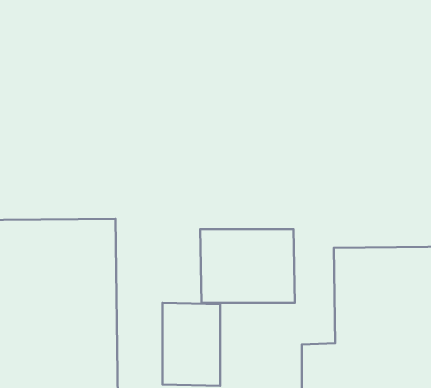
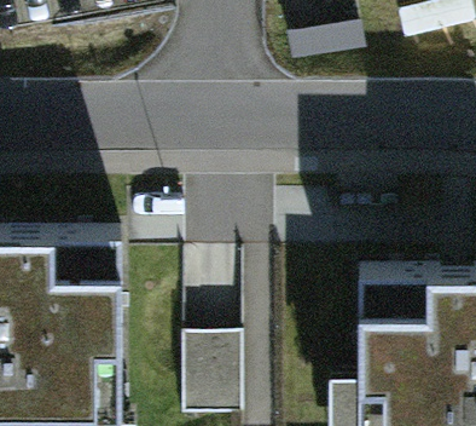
building: [200,229,295,303] -> none

